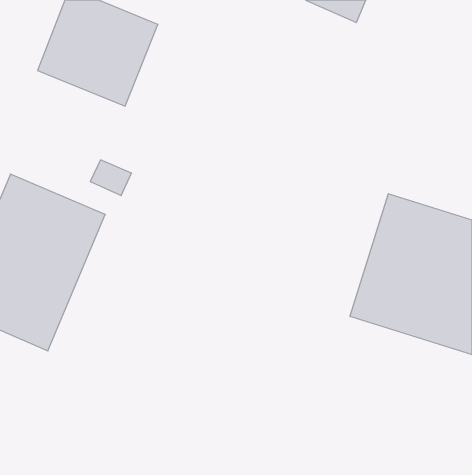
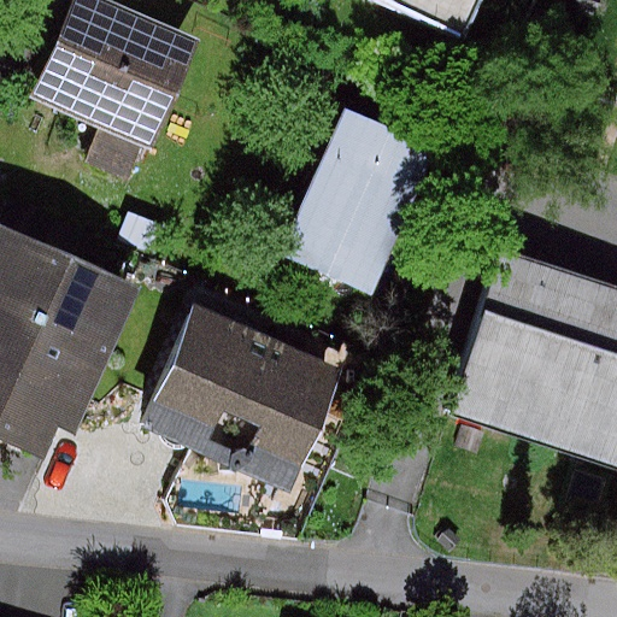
building: none -> [271,108,434,298]
building: none -> [155,310,347,475]

